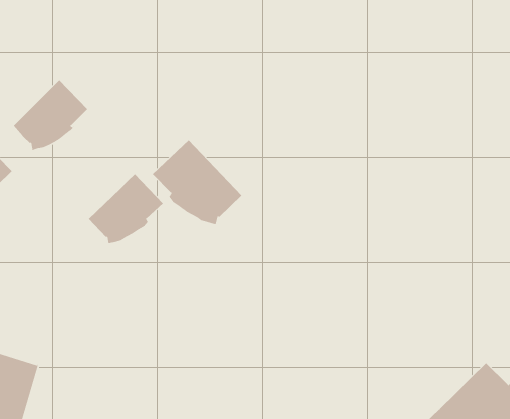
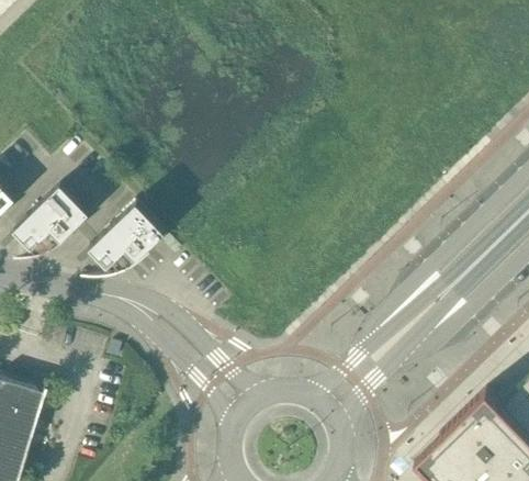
building: [13,79,88,151] -> [14,186,89,257]
building: [152,140,242,225] -> none

